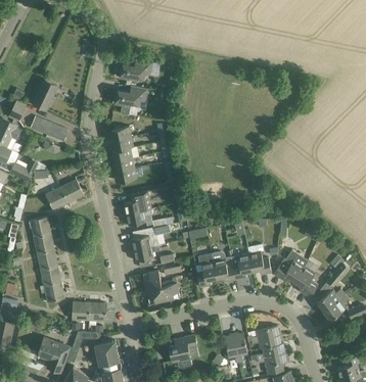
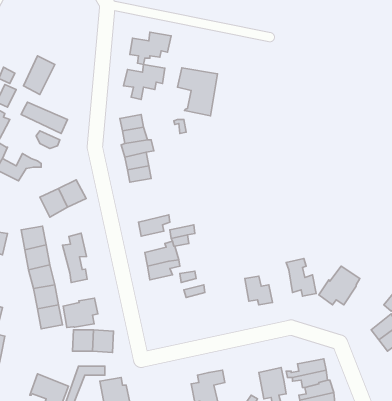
building: none -> [178,68,217,116]
building: [124,191,152,214] -> none
building: none -> [62,233,87,283]
building: [197,253,217,287] -> none
building: [231,253,253,280] -> none
building: [294,267,318,297] -> none
building: [143,271,180,304] -> none
building: none -> [63,298,98,328]

